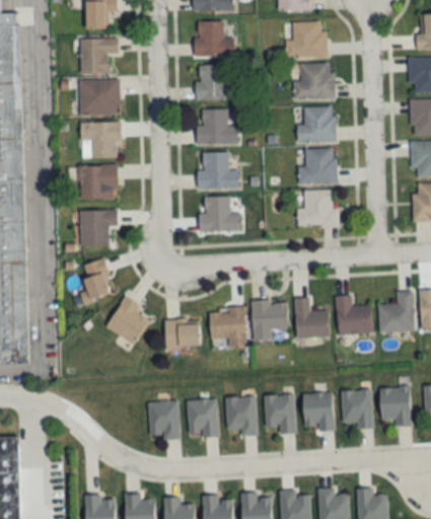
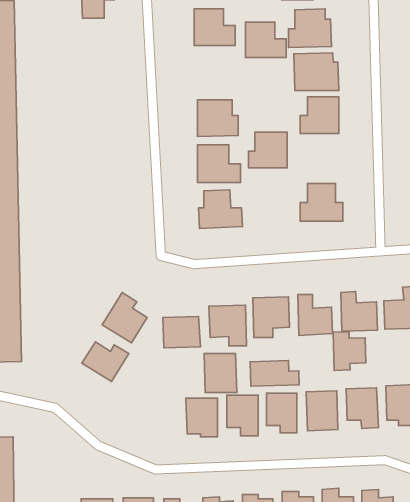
building: [79,39,118,75] -> none
building: [196,65,235,99] -> [245,22,286,58]
building: [80,80,119,116] -> none
building: [81,123,121,158] -> none
building: [298,149,336,183] -> [249,132,287,168]
building: [80,165,118,200] -> none
building: [80,211,118,246] -> none
building: [80,260,112,303] -> none
building: none -> [333,332,366,370]
building: none -> [82,342,129,381]
building: none -> [250,361,299,386]
building: [148,400,179,438] -> [204,354,237,392]

